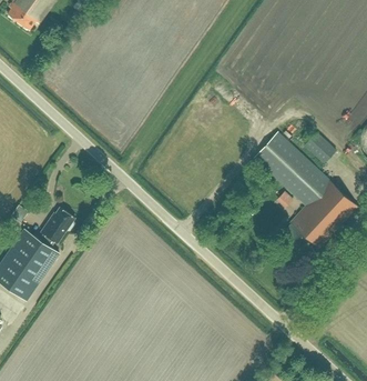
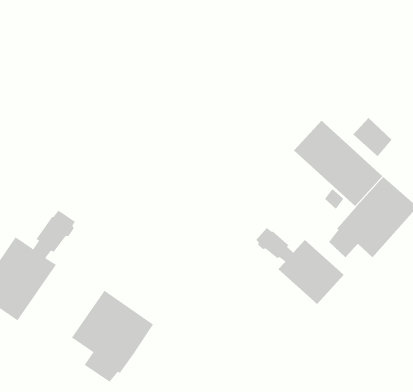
building: none -> [255,227,345,305]
building: none -> [71,290,154,382]

